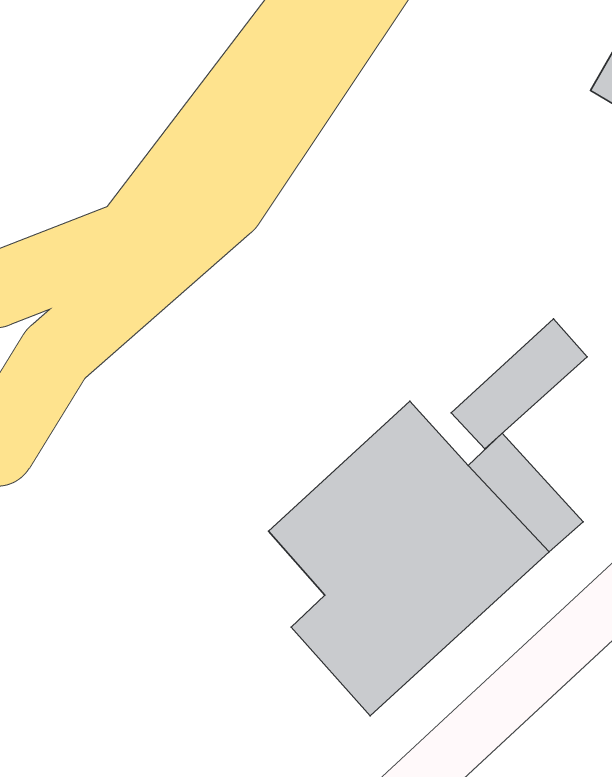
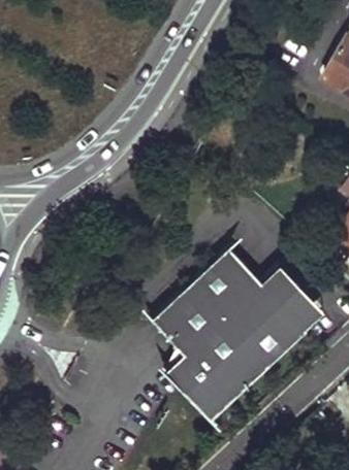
building: [451,319,587,449] -> none

